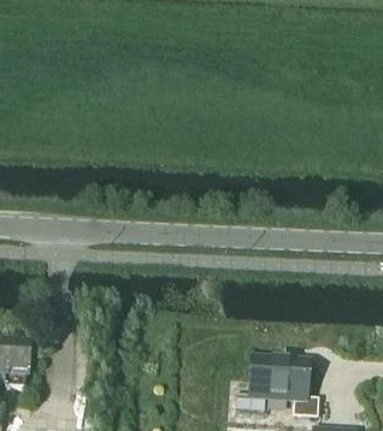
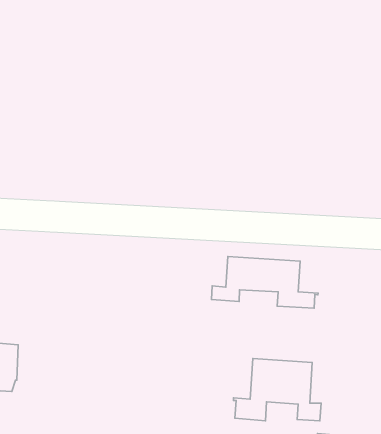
building: none -> [211,256,318,308]

